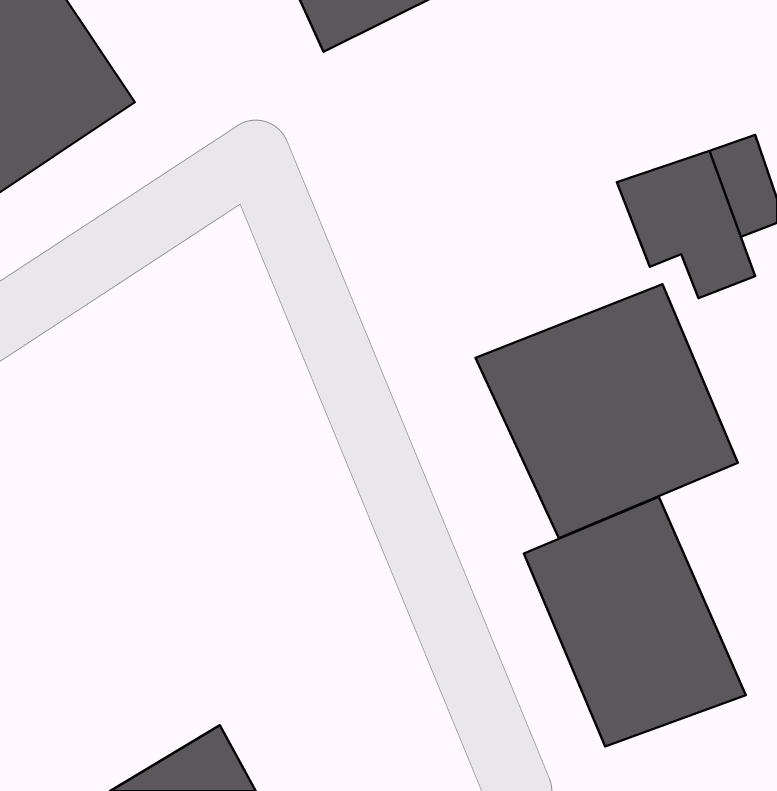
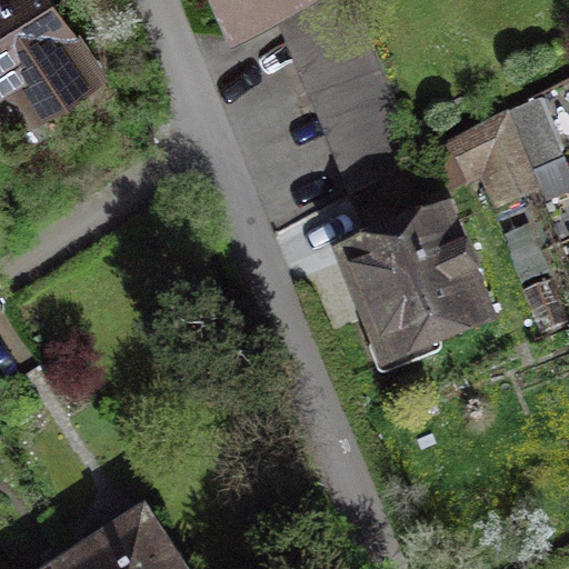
building: [524,497,746,747] -> none

